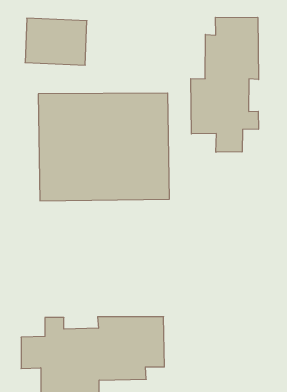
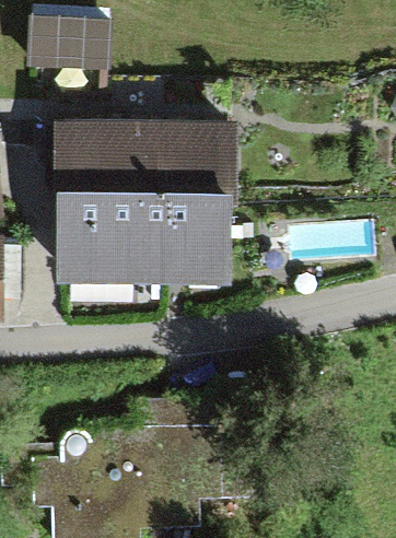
building: [191,17,259,152] -> none

